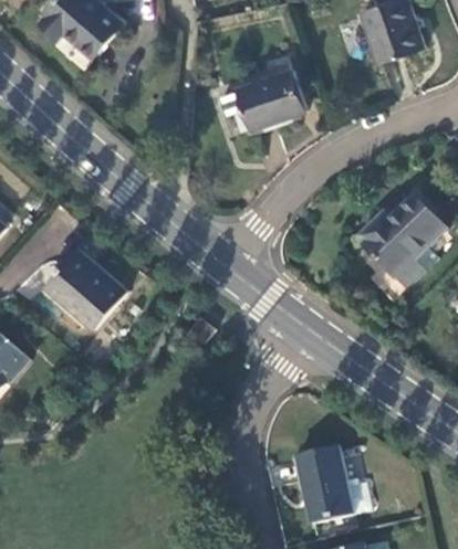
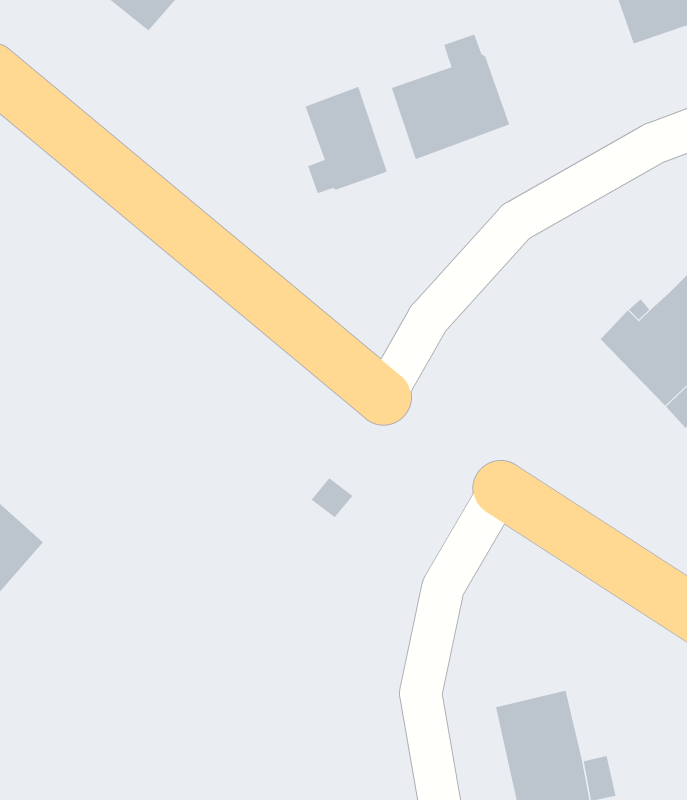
building: none -> [305,86,388,194]
building: [41,246,124,328] -> none

